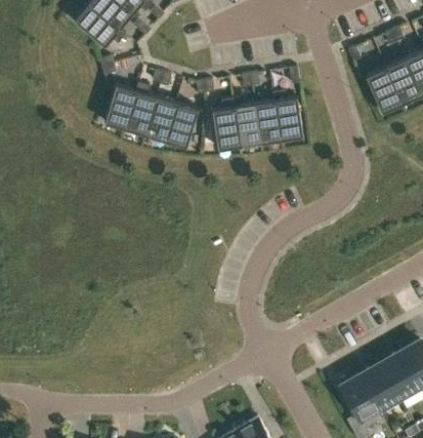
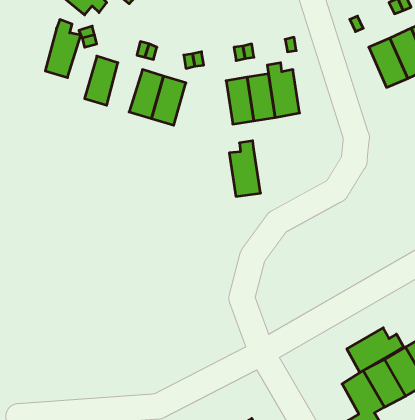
building: [125,82,158,135] -> [45,20,81,78]
building: [212,98,241,150] -> [229,141,261,196]
building: none -> [347,328,404,372]

